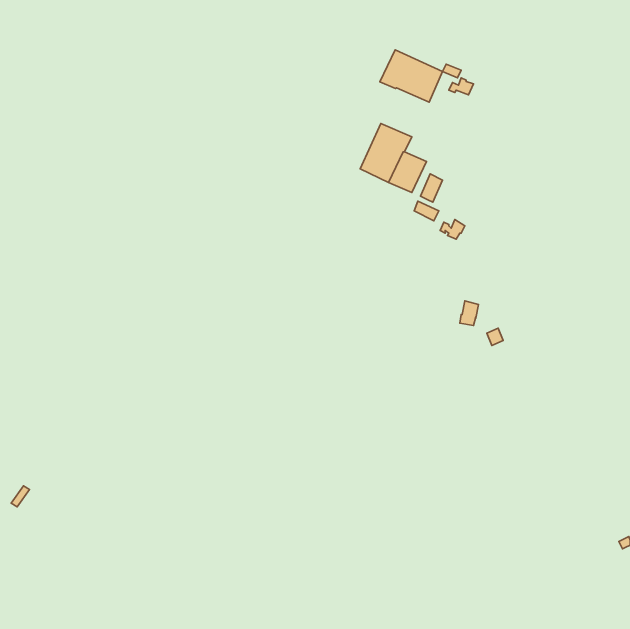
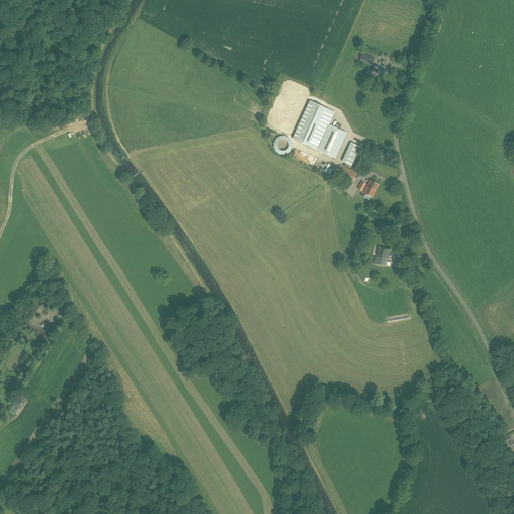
building: [380,50,443,102] -> none

